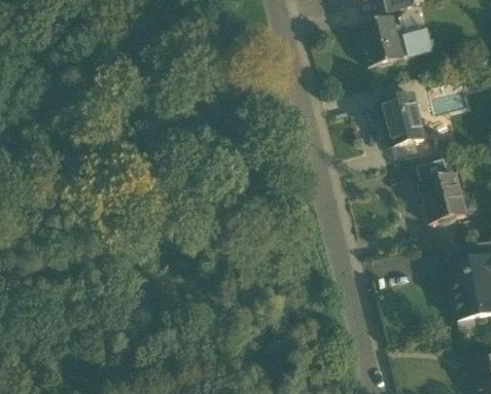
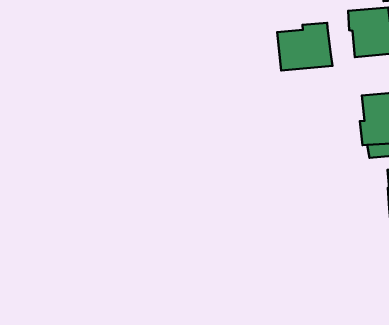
building: none -> [277,23,332,71]

